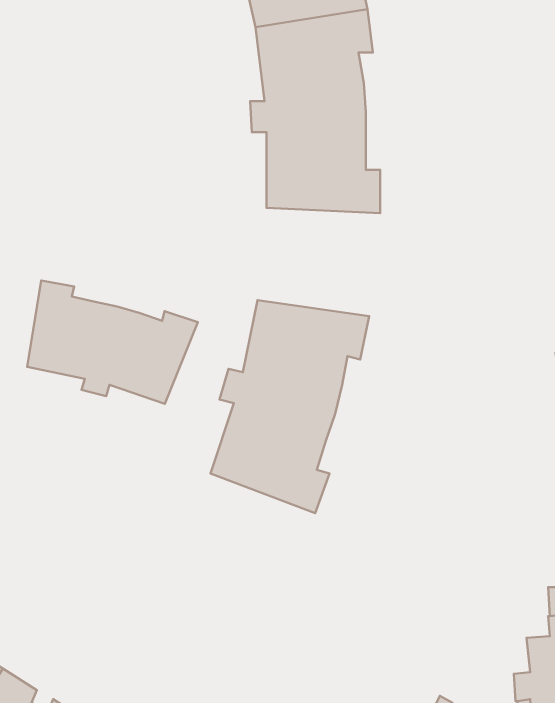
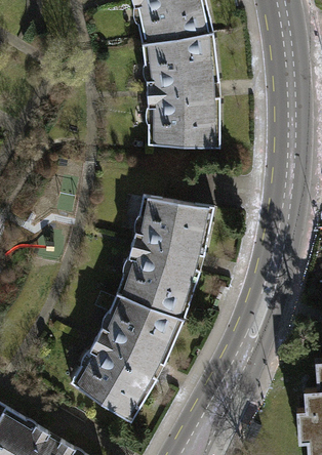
building: [27,281,198,404] -> none
building: none -> [77,297,184,423]

